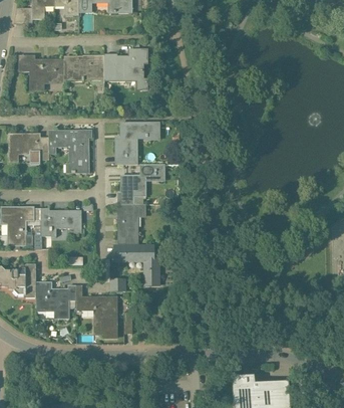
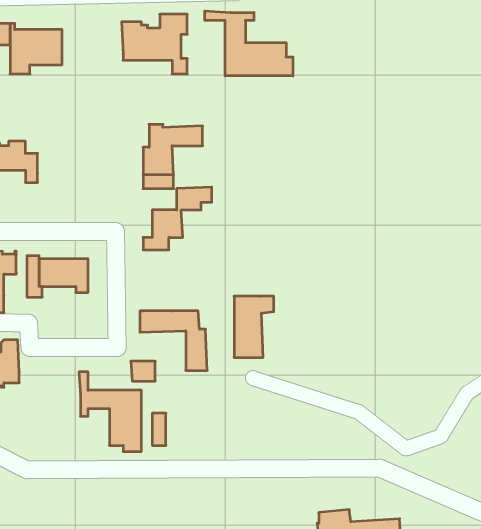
building: none -> [205,11,293,76]
building: [69,55,104,80] -> none
building: [48,133,95,173] -> none
building: [117,204,143,244] -> [234,296,274,357]
building: [36,284,76,319] -> none

